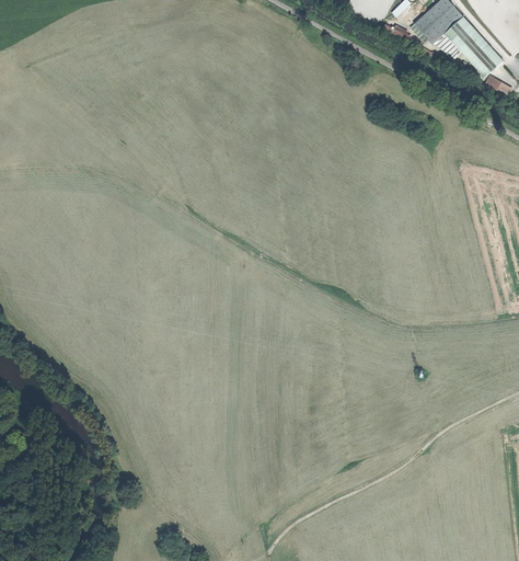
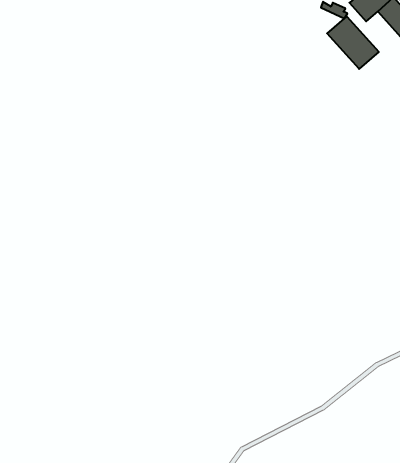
building: none -> [327,16,379,69]

